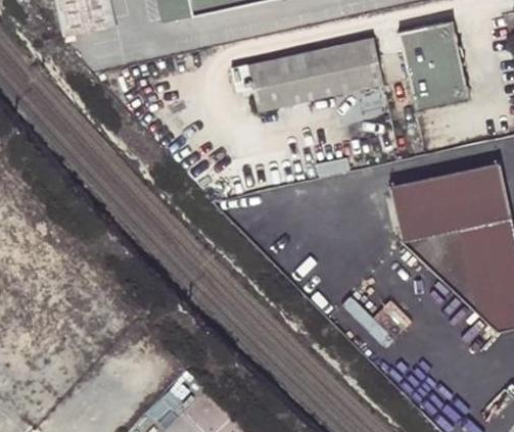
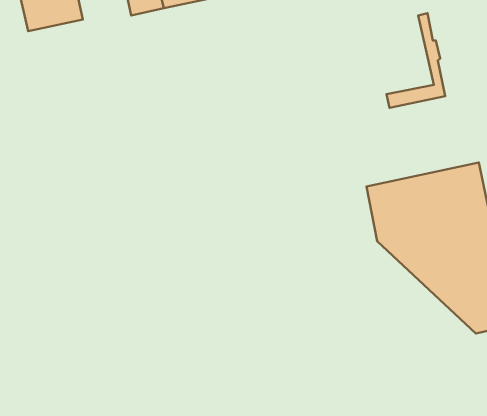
building: [399,20,459,97] -> none
building: [249,36,383,111] -> none

